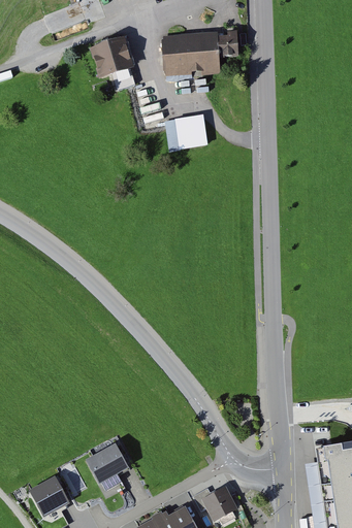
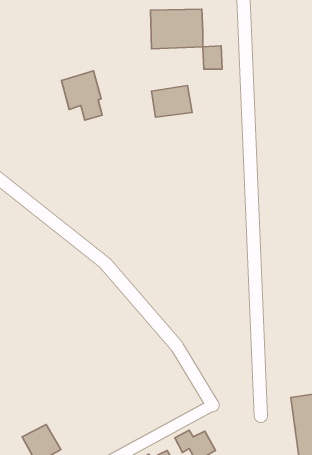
building: [219,33,239,58] -> [203,46,222,69]
building: [91,38,134,91] -> [62,71,102,120]
building: [86,440,131,482] -> none

